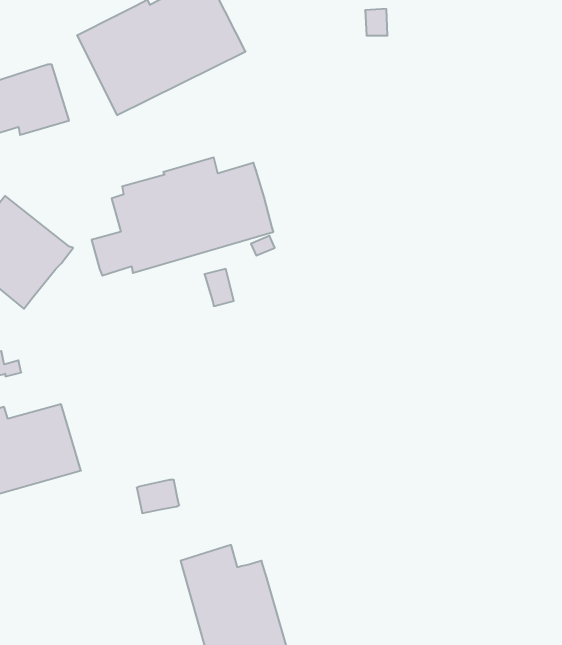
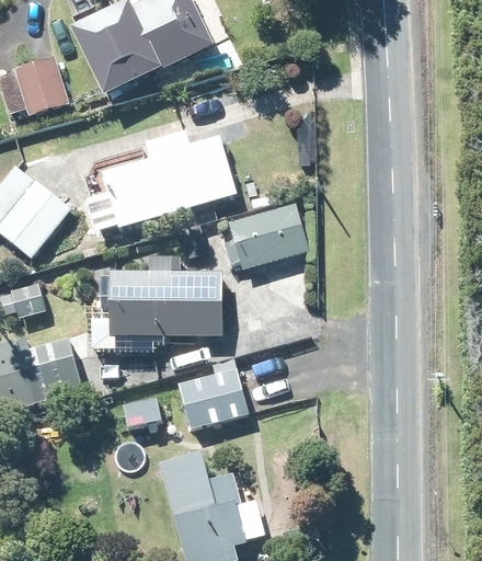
building: none -> [223,204,309,270]
building: none -> [111,257,222,336]
building: none -> [179,357,246,428]

